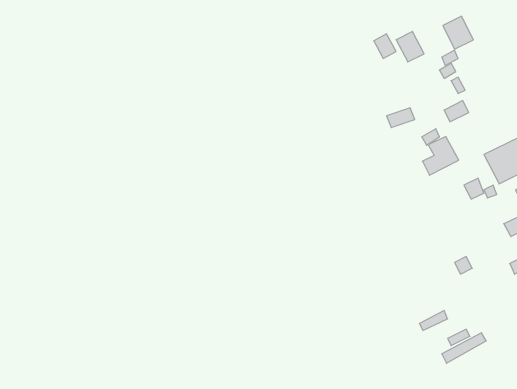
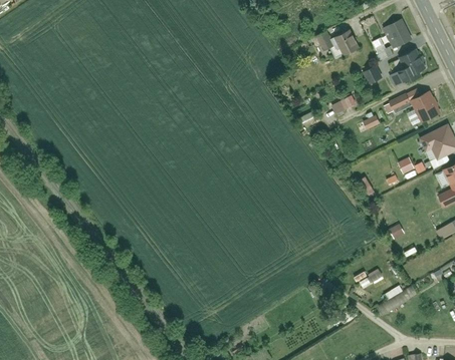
building: none -> [399,51,426,78]
building: [422,137,459,175] -> [409,87,440,120]

